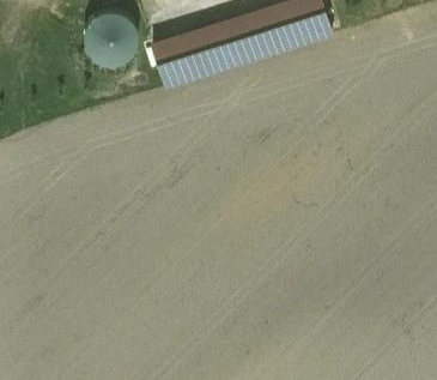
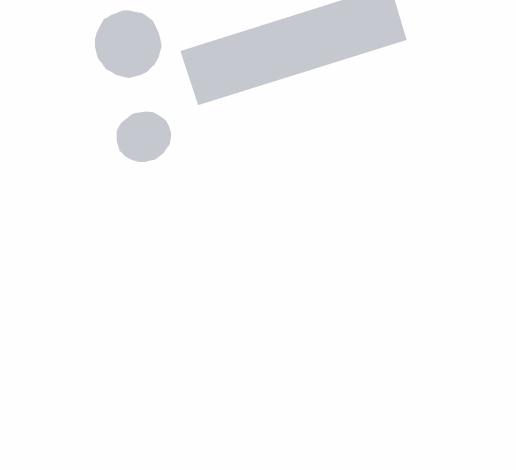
building: none -> [116,111,172,163]

